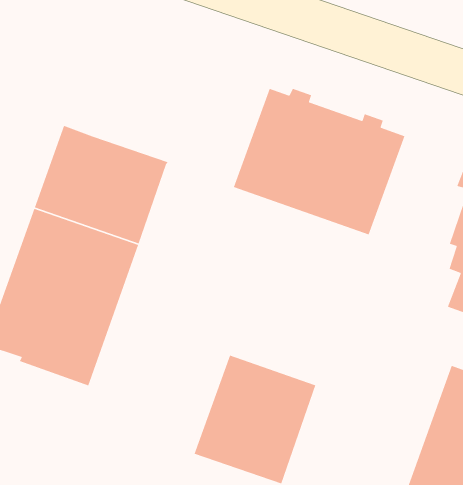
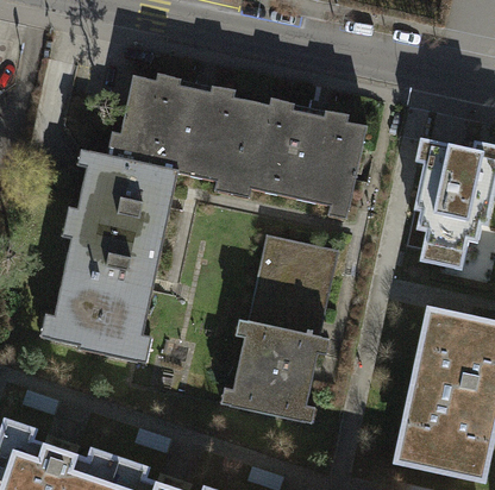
building: none -> [114,75,252,187]
building: none -> [248,234,339,338]

